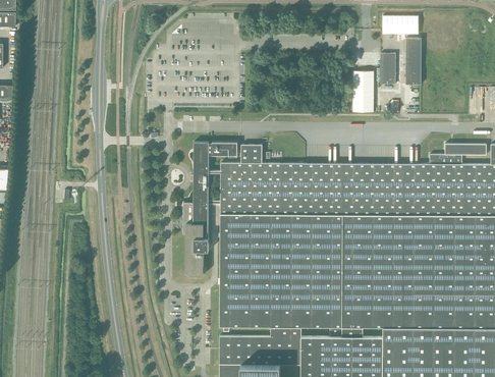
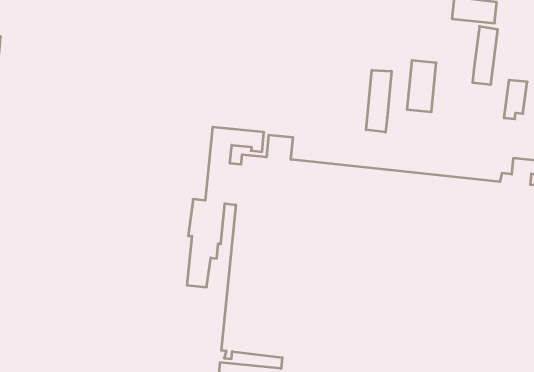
building: [380,53,396,85] -> [504,80,527,119]
building: none -> [366,70,391,132]

